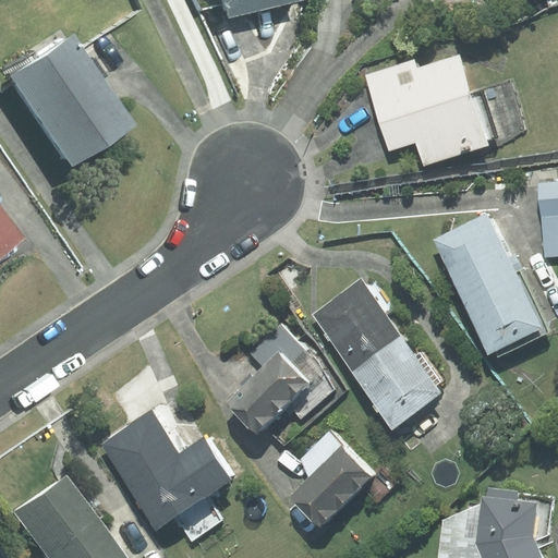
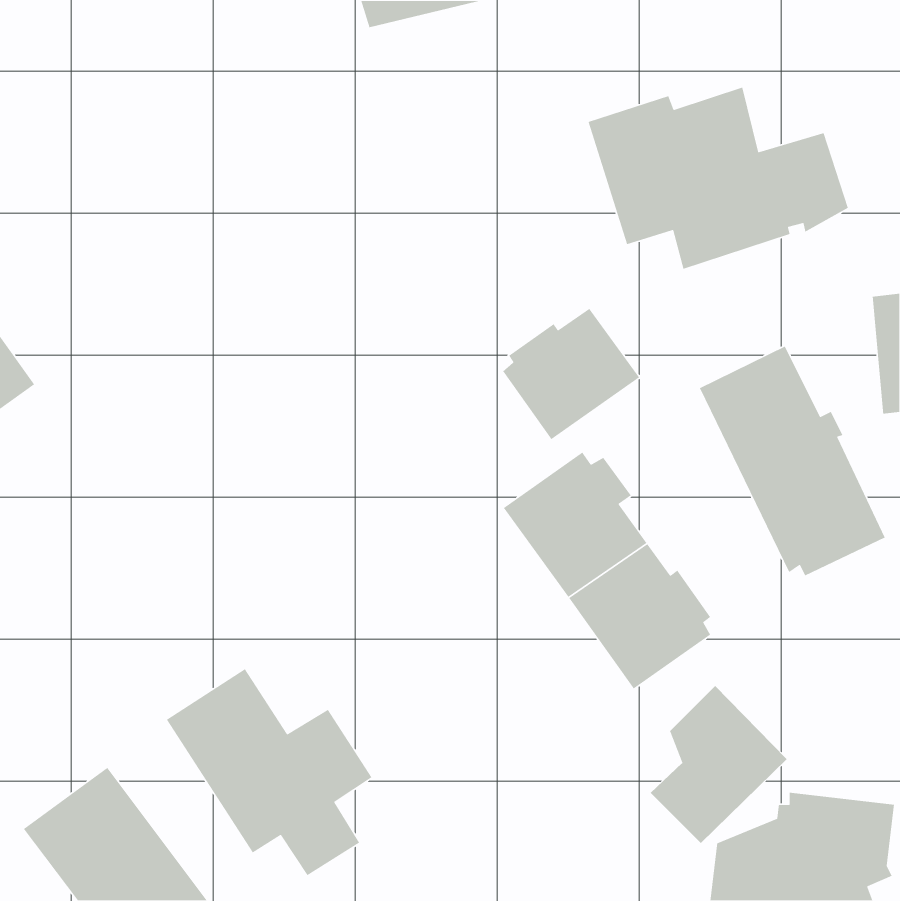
building: [16,38,131,161] -> none
building: none -> [502,308,640,440]
building: [227,324,332,437] -> none
building: [289,430,374,529] -> [650,685,787,844]

